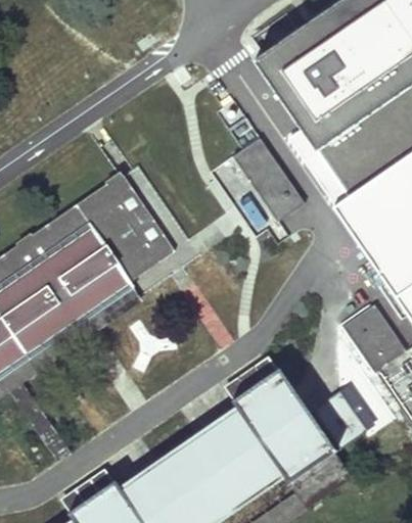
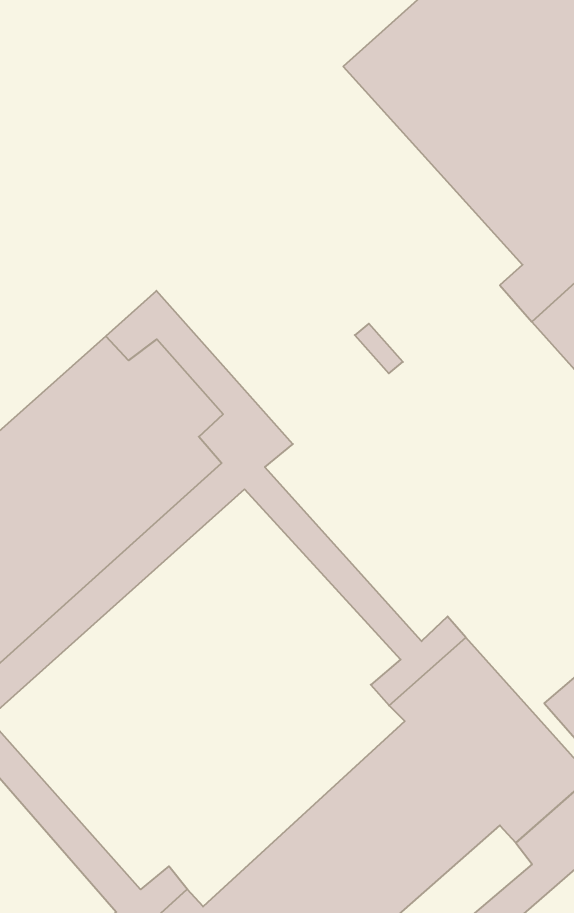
building: [233,137,304,218] -> none

